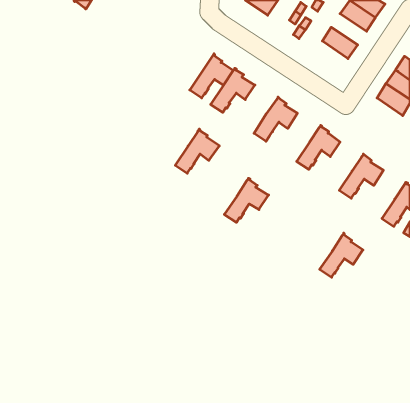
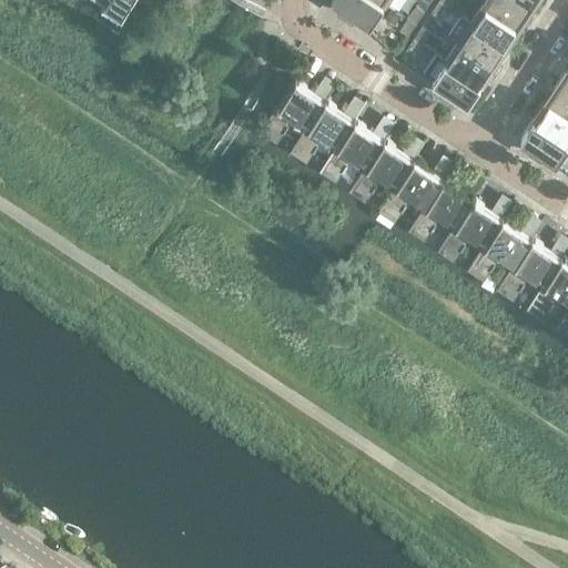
building: none -> [457,29,506,72]
building: none -> [432,67,480,111]
building: [175,129,219,173] -> [321,124,382,185]
building: none -> [439,203,499,264]
building: [224,178,269,222] -> [379,163,440,224]
building: [320,233,363,277] -> [498,242,558,303]

